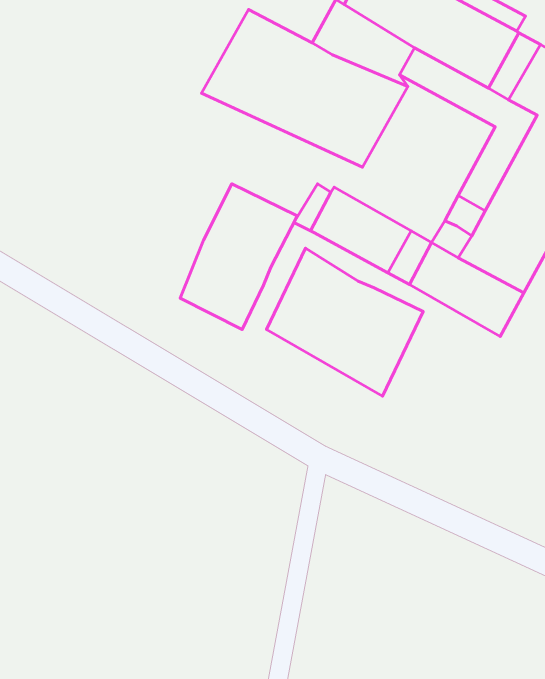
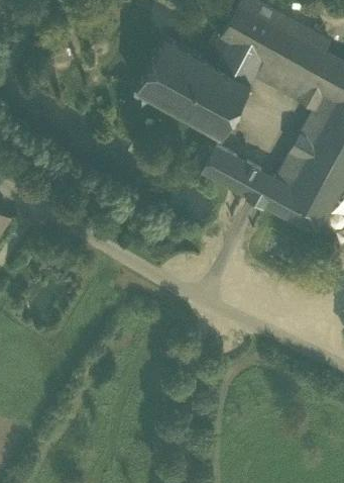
building: [180,184,297,329] -> none
building: [267,248,423,396] -> none

